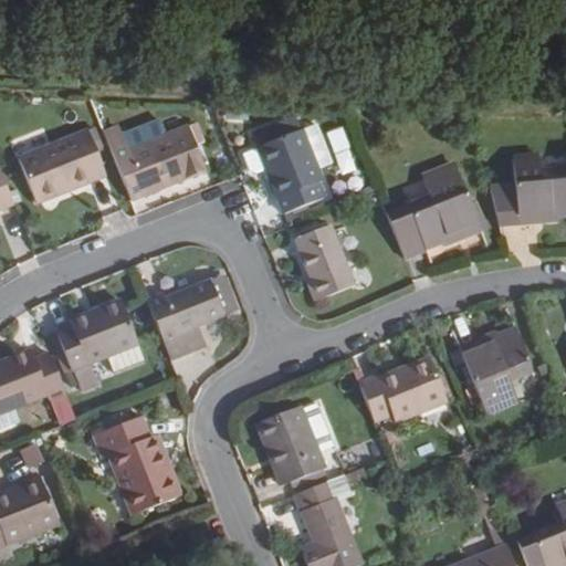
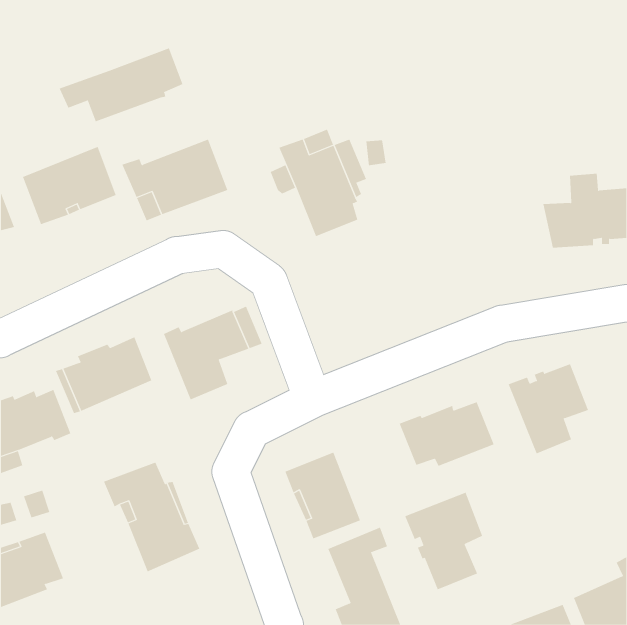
building: none -> [59,47,183,122]
building: [384,165,478,255] -> none
building: [294,224,354,301] -> none
building: none -> [405,492,483,590]

